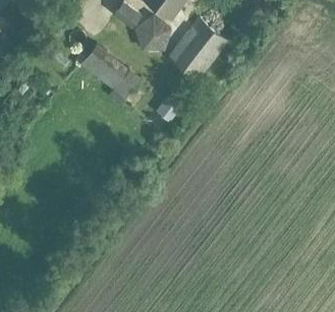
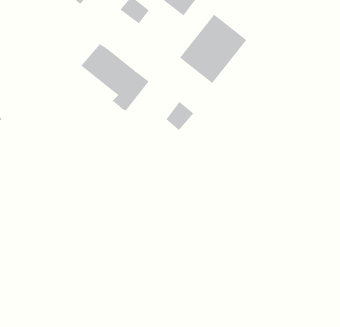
building: [133,17,165,48] -> none

